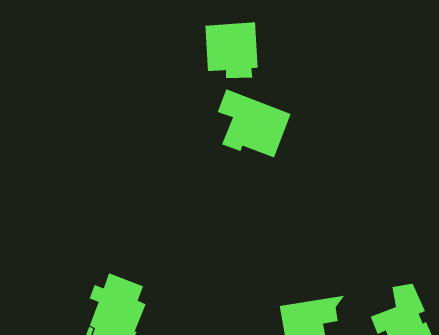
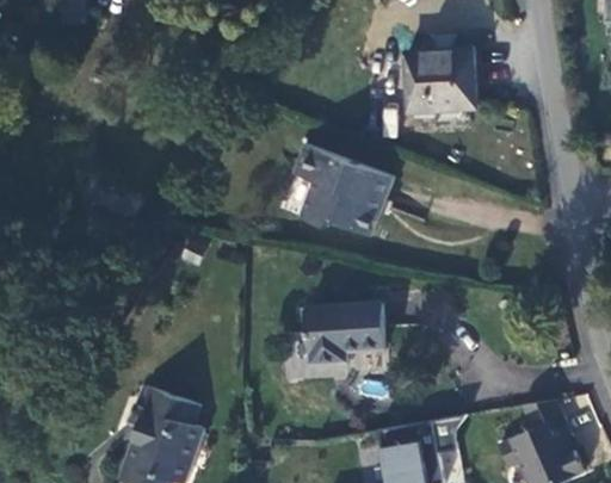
building: [205,22,259,79] -> [407,49,479,124]
building: none -> [308,305,384,365]

